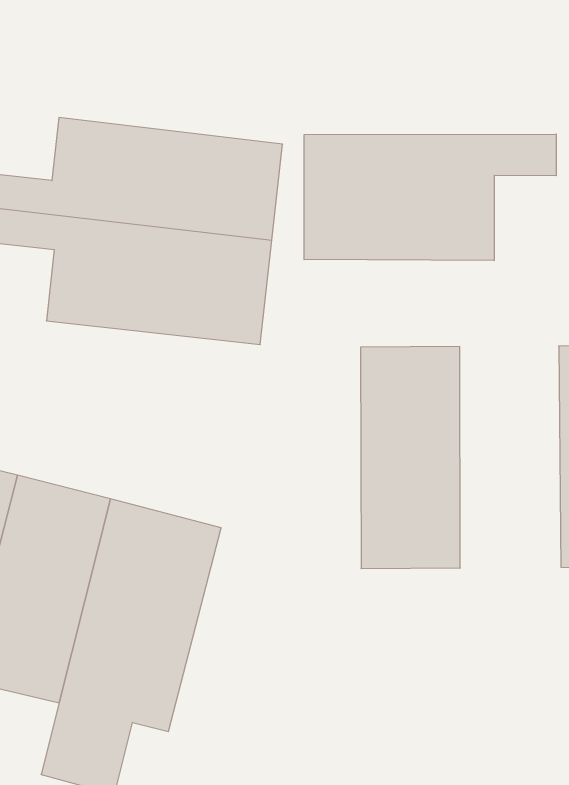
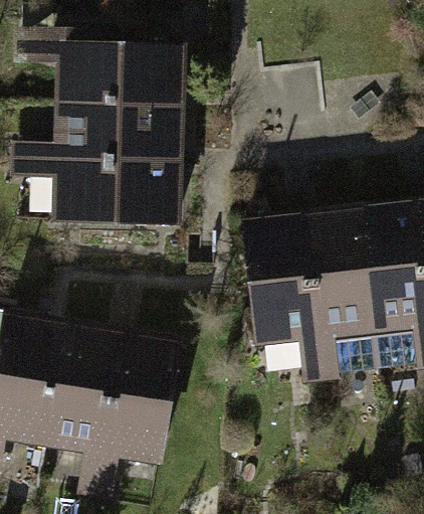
building: none -> [47,39,184,106]
building: [304,134,556,261] -> none
building: none -> [302,208,378,348]

